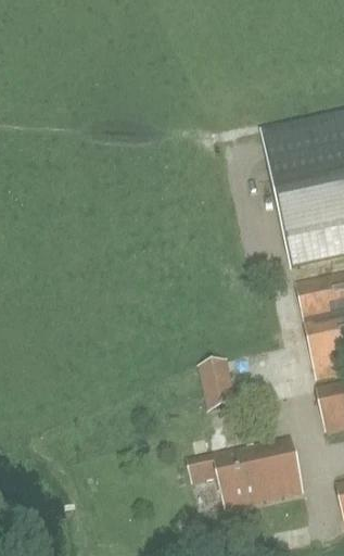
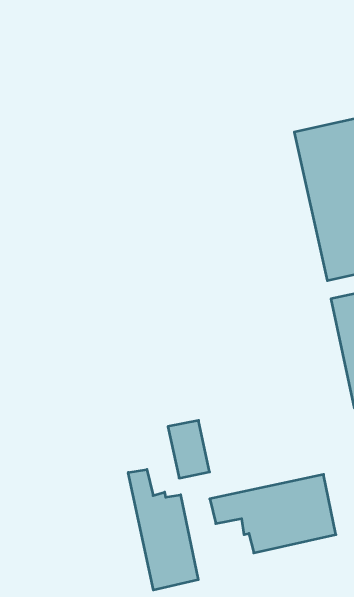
building: [199,361,235,412] -> [168,420,210,478]
building: none -> [128,469,198,590]

